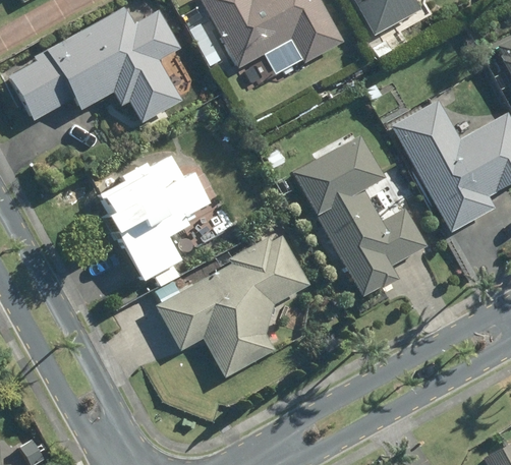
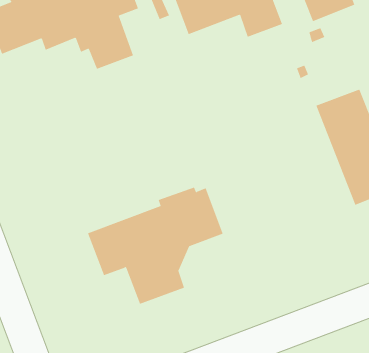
building: [294,136,427,298] -> none
building: [105,157,210,281] -> none

